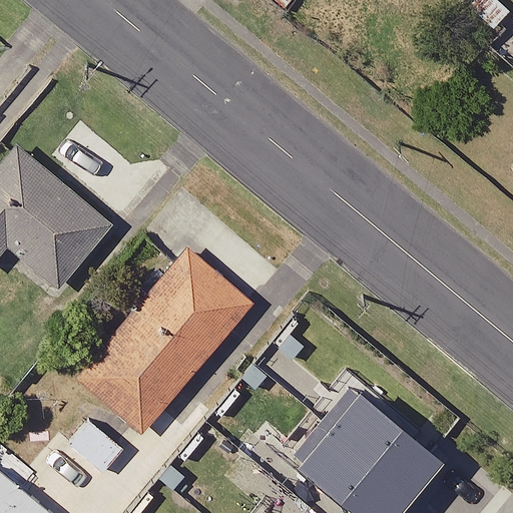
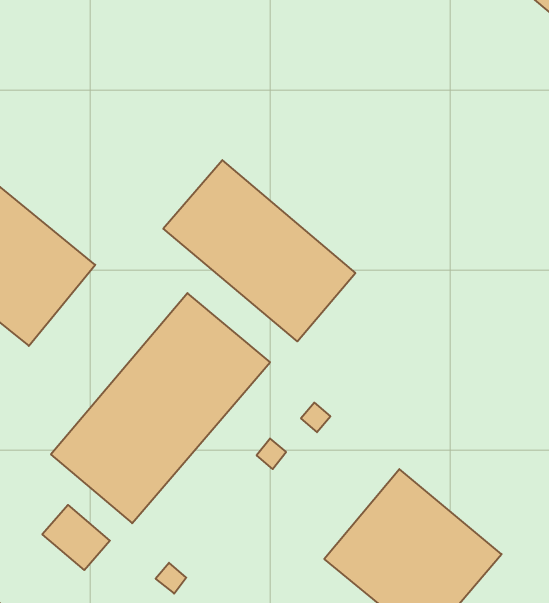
building: none -> [163,160,355,341]

